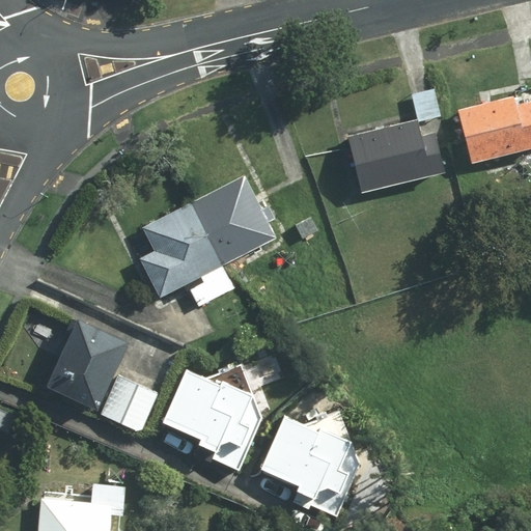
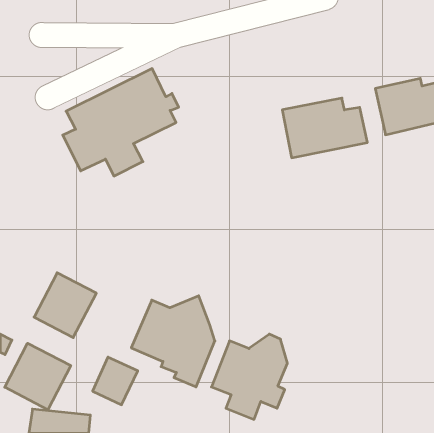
building: [138,174,279,305] -> [63,69,179,176]
building: [106,372,161,430] -> [93,357,138,405]
building: none -> [5,343,71,410]

